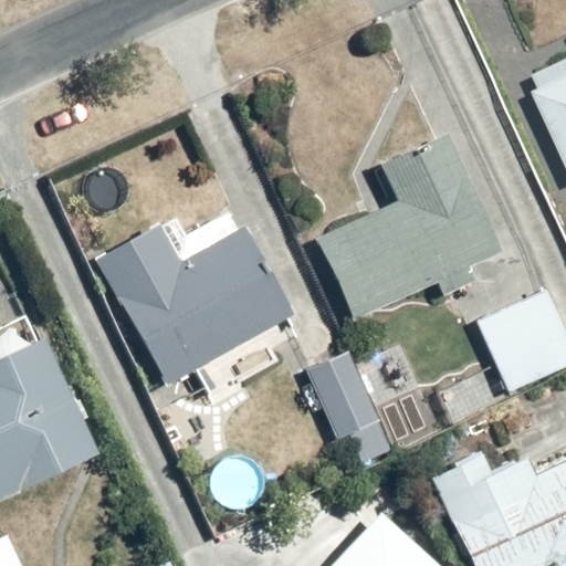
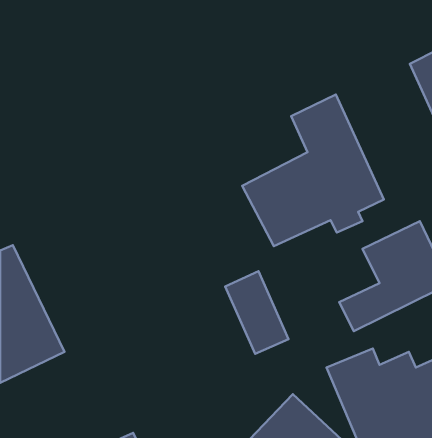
building: [92,212,298,388] -> none

